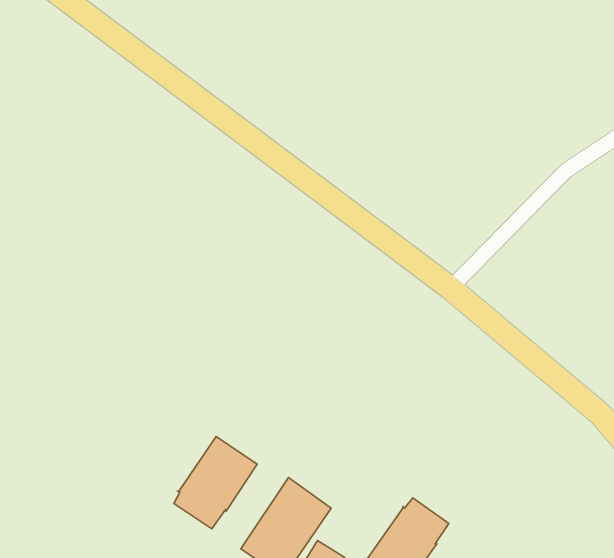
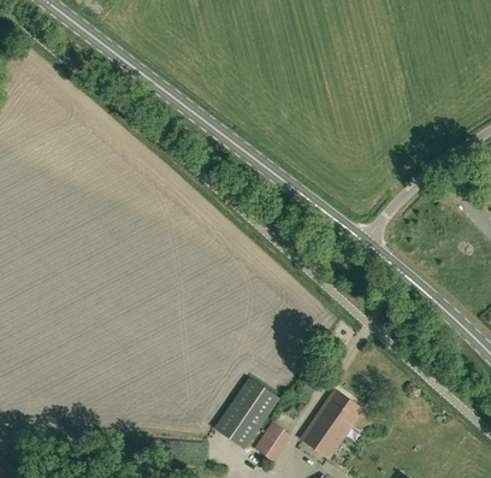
building: [174,436,257,529] -> none

